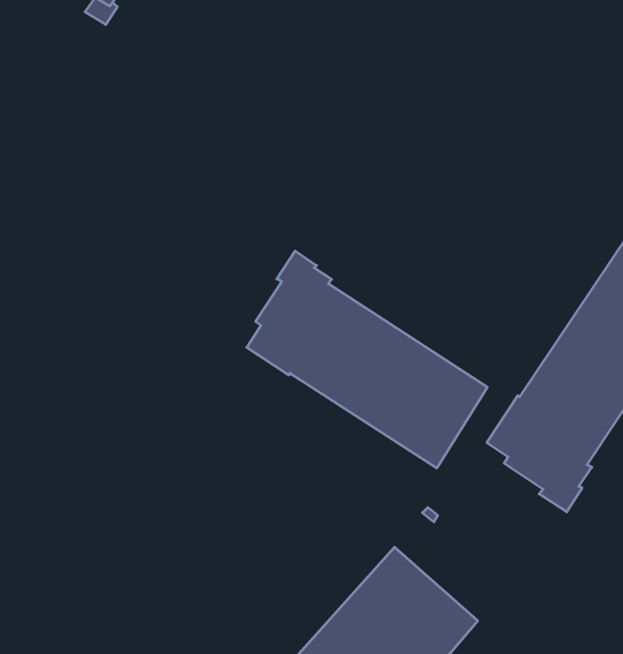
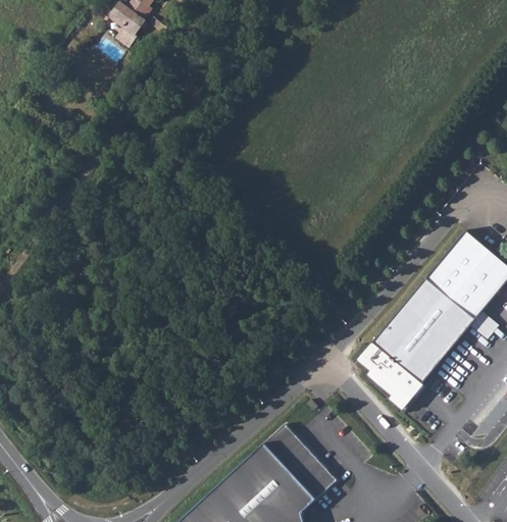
building: [247,251,487,468] -> none

